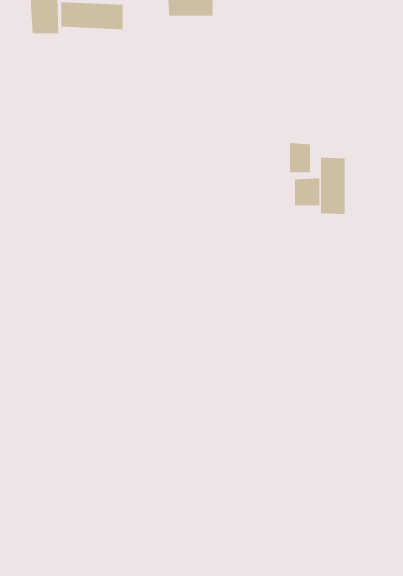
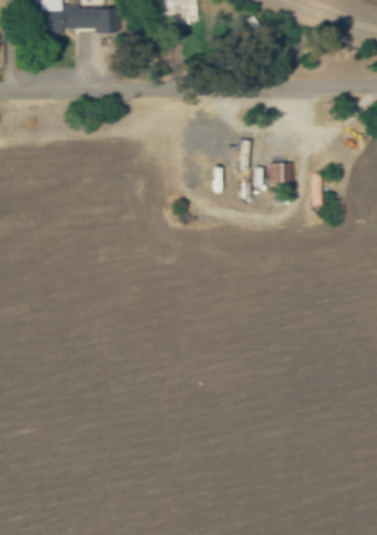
building: [289,142,311,173] -> none
building: [320,157,346,215] -> none

